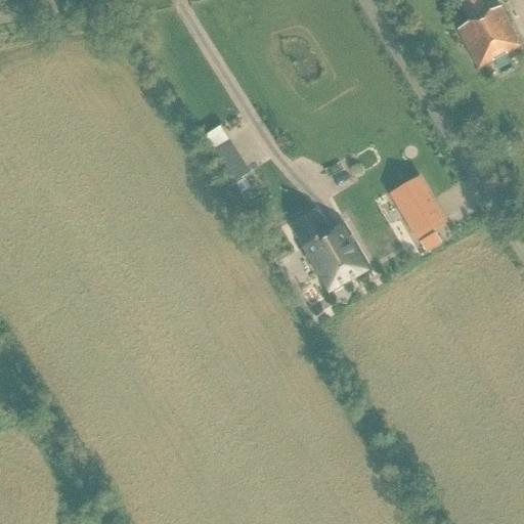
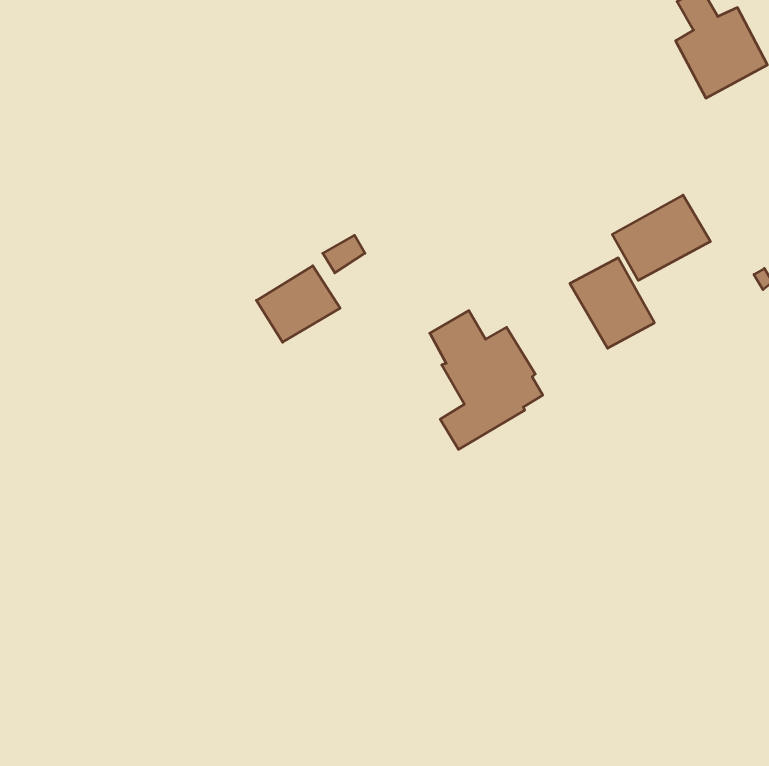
building: none -> [612,195,710,280]
building: none -> [256,266,340,342]

